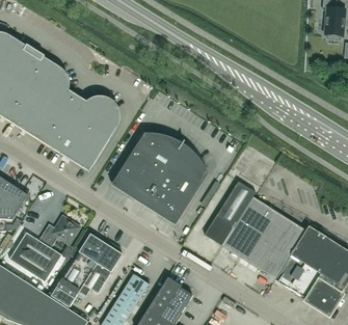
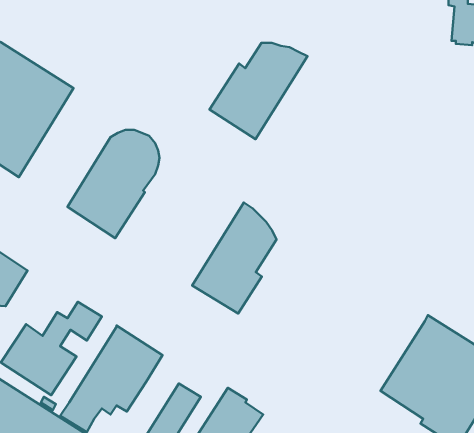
building: [21,66,85,150] -> none
building: [110,137,179,205] -> [210,43,307,139]
building: [204,181,305,278] -> none

